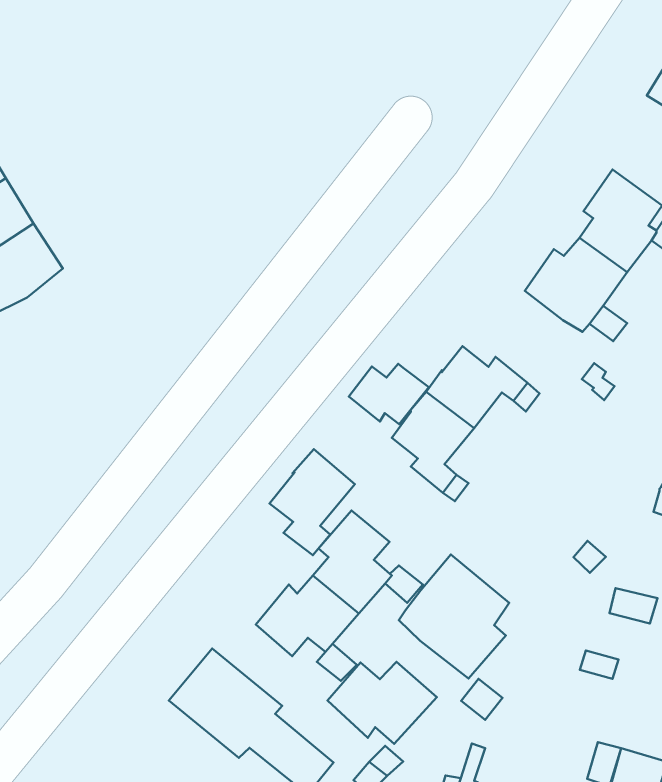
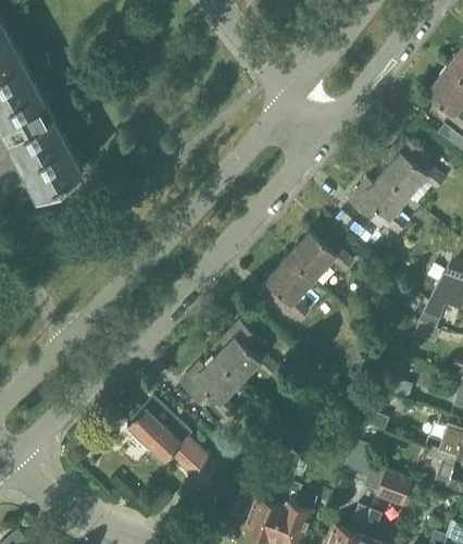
building: [349,364,429,424] -> none
building: [270,449,355,555] -> none
building: [399,555,509,679] -> none
building: [327,662,437,744] -> none

